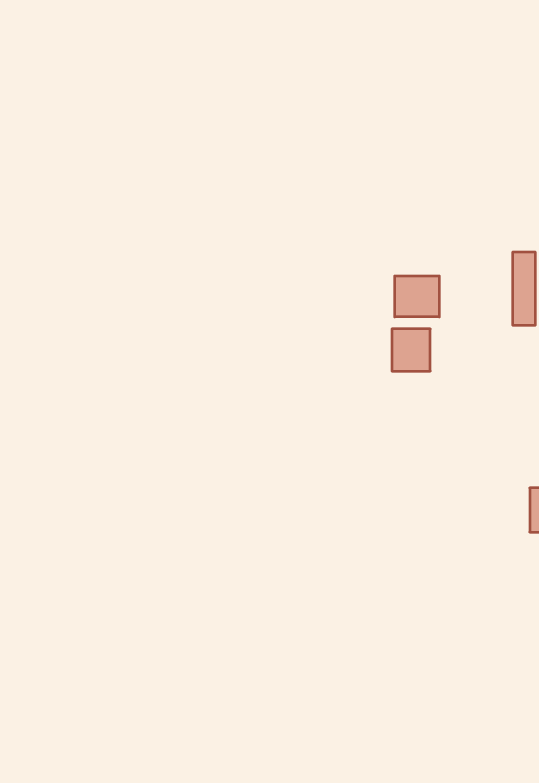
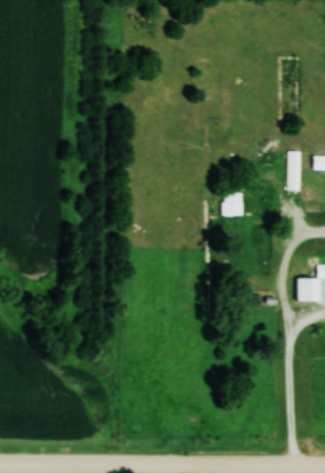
building: [395,276,439,317] -> none

